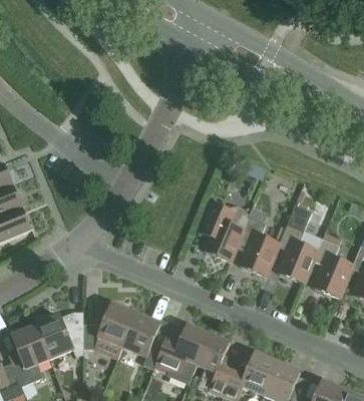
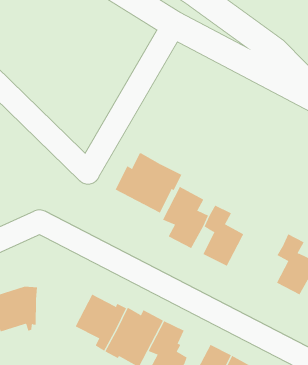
building: none -> [115,153,182,213]
building: [278,205,318,283] -> none
building: [83,303,136,357] -> none

